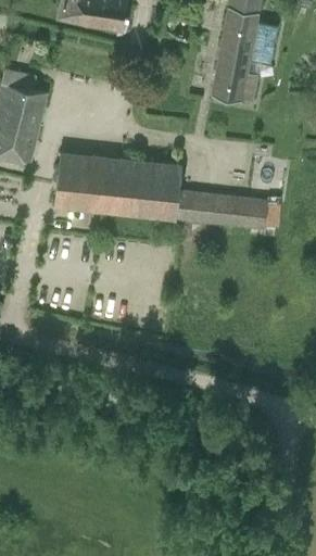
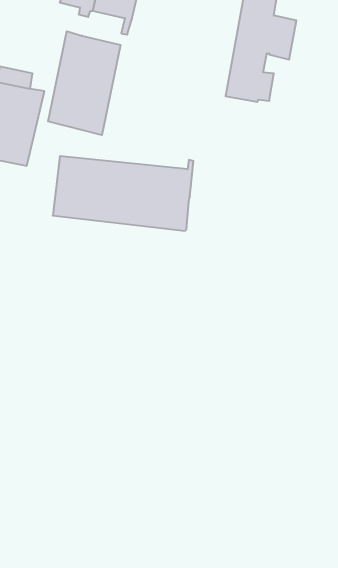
building: none -> [48,31,121,135]
building: [175,189,273,230] -> none

